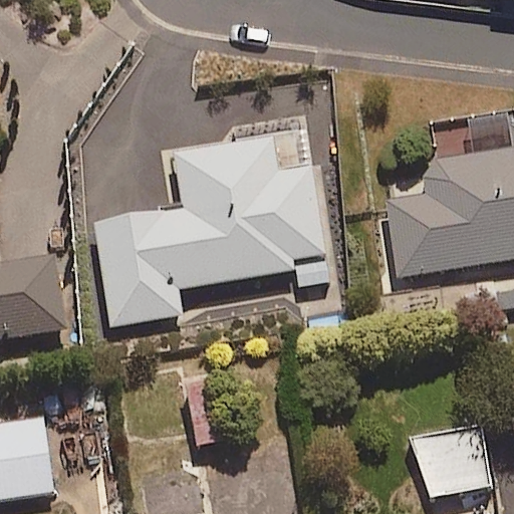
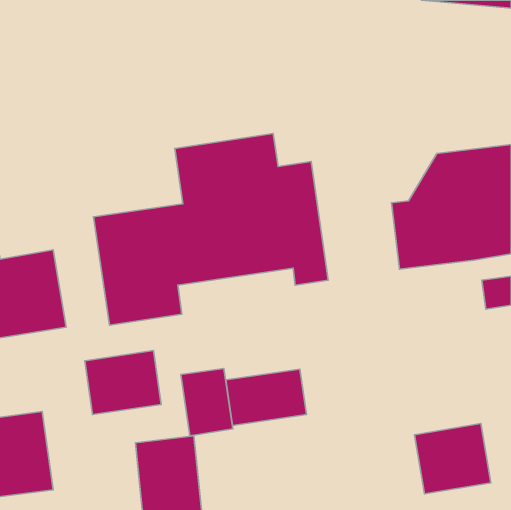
building: none -> [85,351,161,415]
building: none -> [226,369,306,425]

